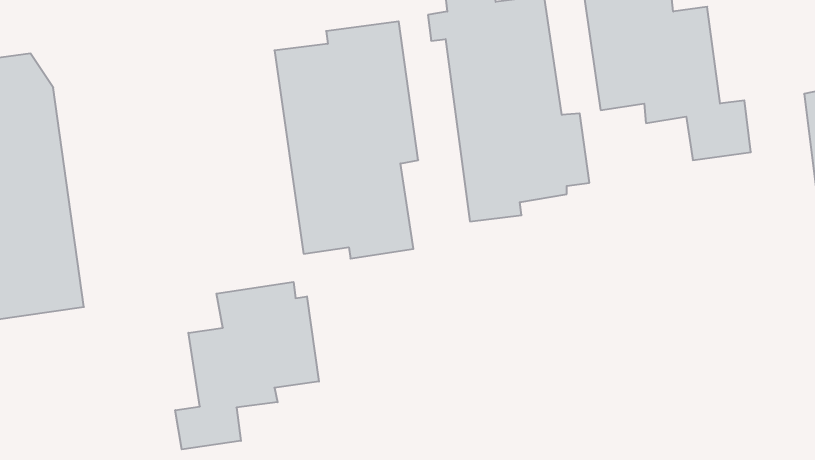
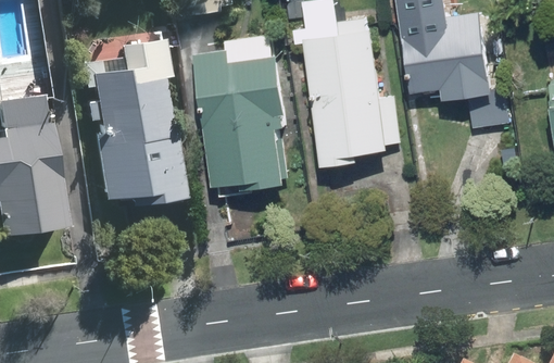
building: none -> [78,37,176,205]
building: [175,282,319,449] -> none

